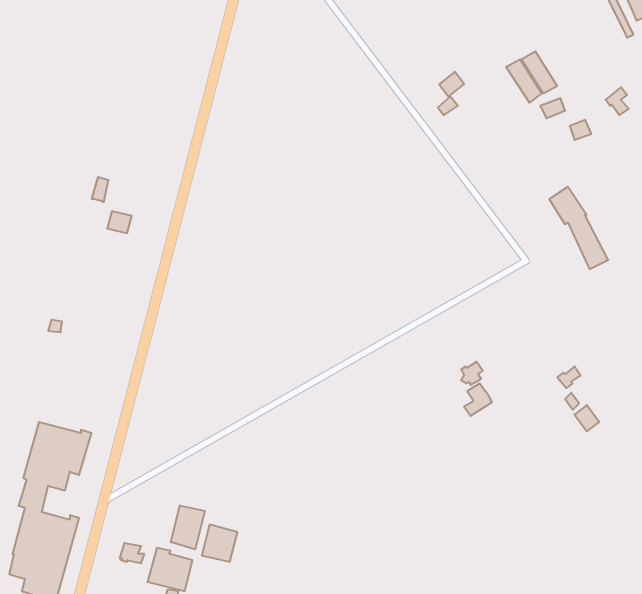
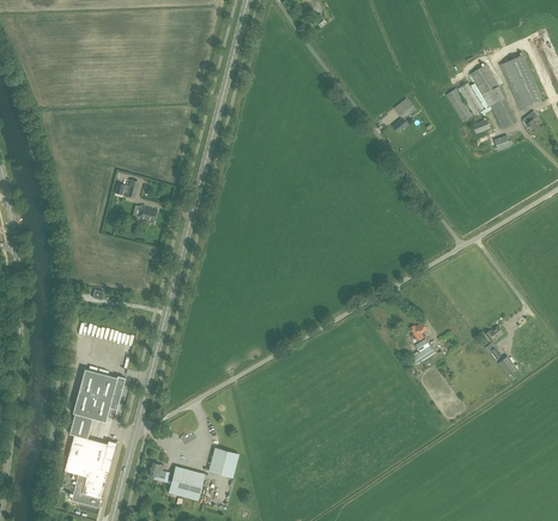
building: none -> [499,54,541,108]
building: [549,187,608,269] -> [469,65,515,128]
building: [171,505,205,549] -> none

